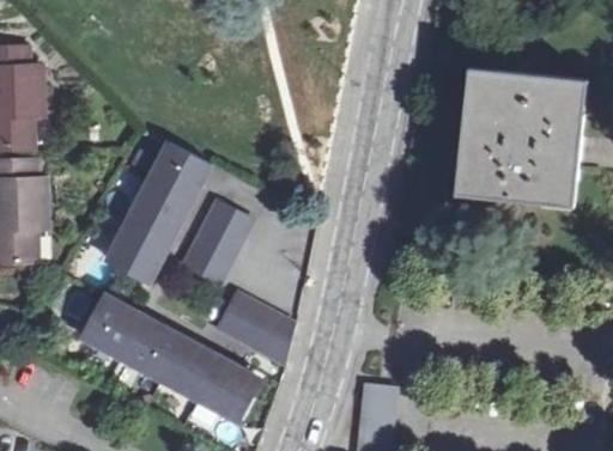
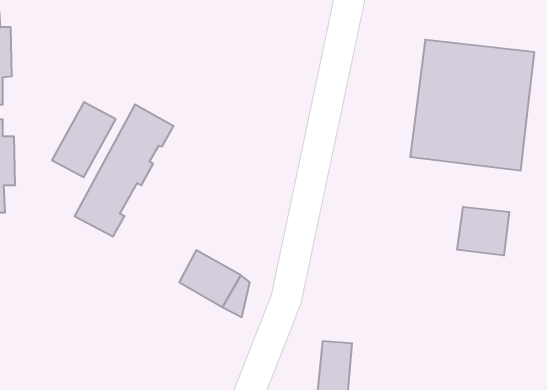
building: [183,202,250,281] -> [52,102,116,177]
building: none -> [457,207,509,256]
building: [79,293,256,420] -> none

